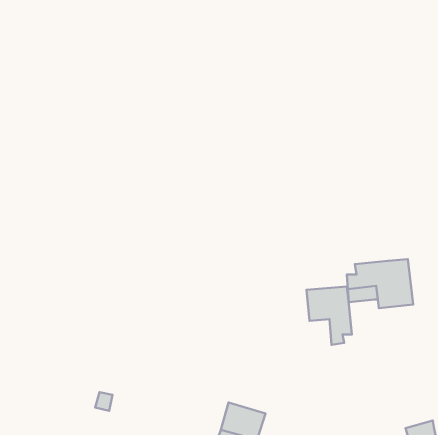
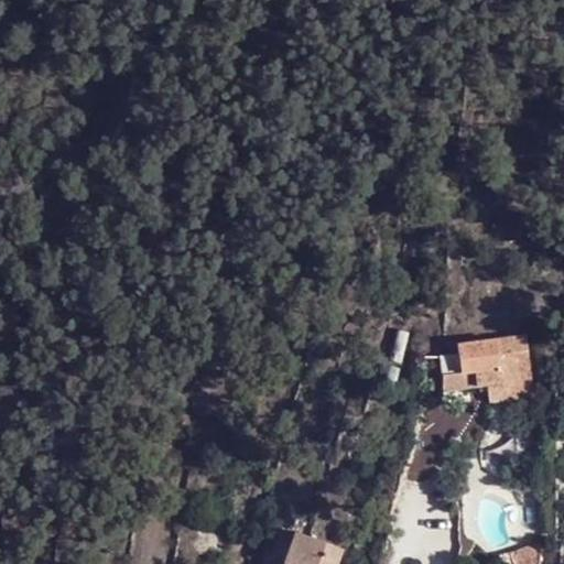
building: [306,286,352,345] -> none

